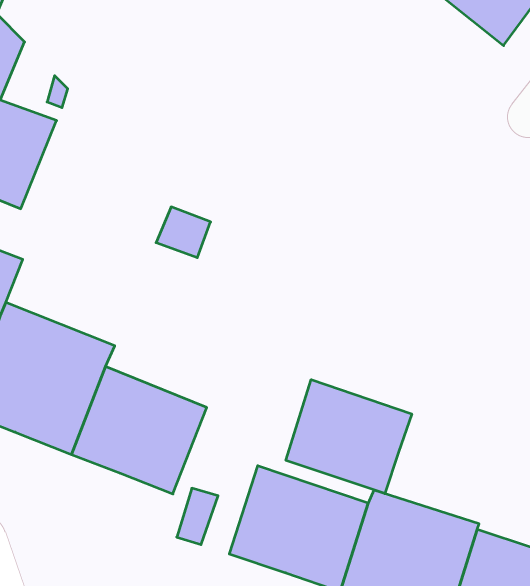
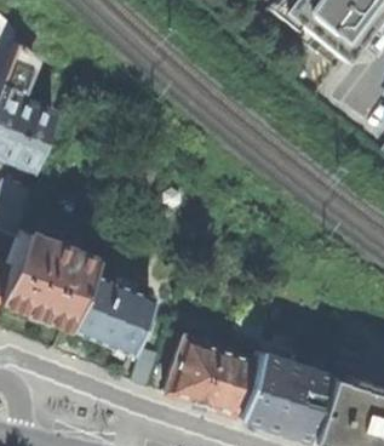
building: [286,380,412,494] -> none

